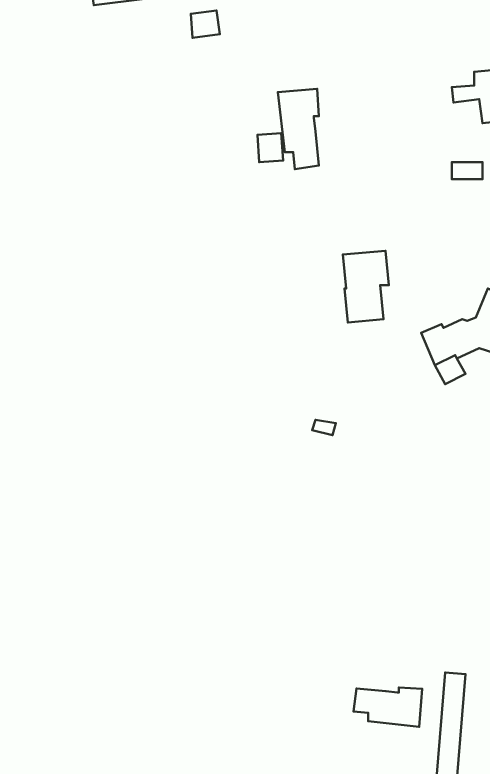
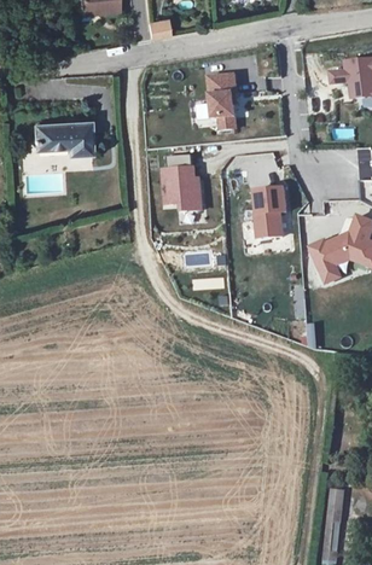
building: none -> [35,120,95,158]
building: none -> [161,155,200,210]
building: [354,688,422,727] -> none

